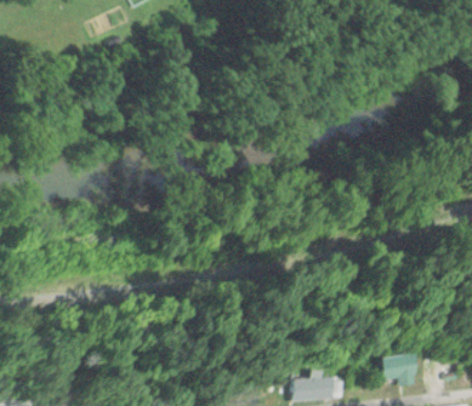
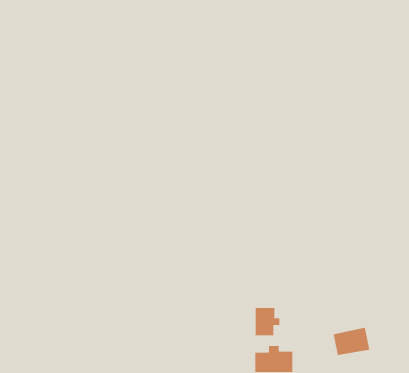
building: none -> [255,307,280,336]

